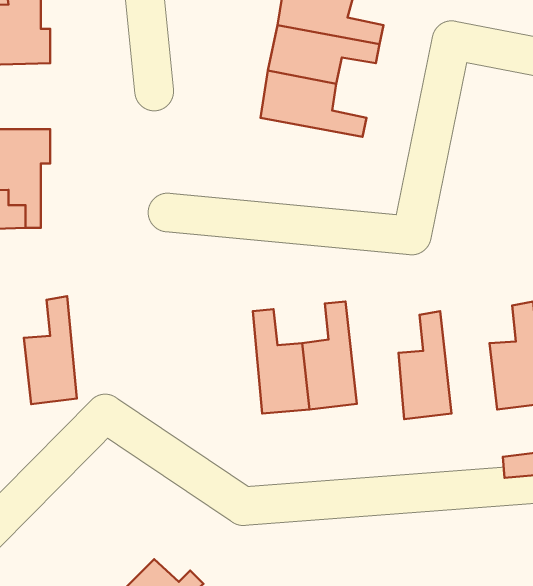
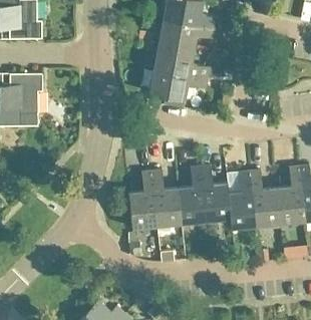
building: none -> [148,67,208,99]
building: [24,296,77,404] -> [126,170,154,227]
building: none -> [199,164,229,219]
building: none -> [249,169,279,224]

